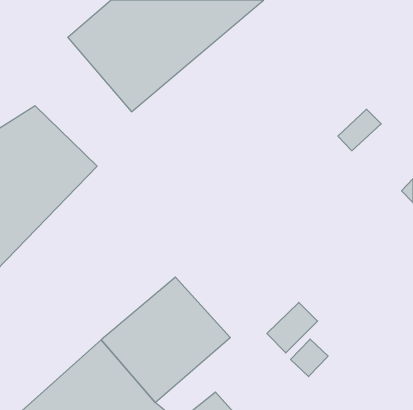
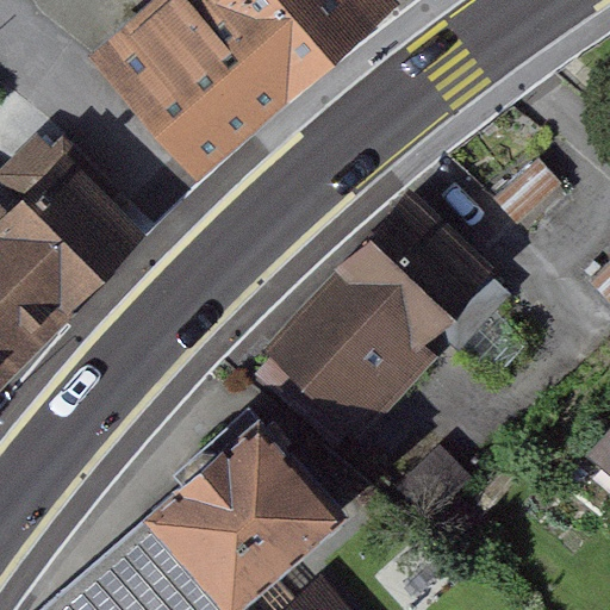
building: none -> [270,217,497,441]

